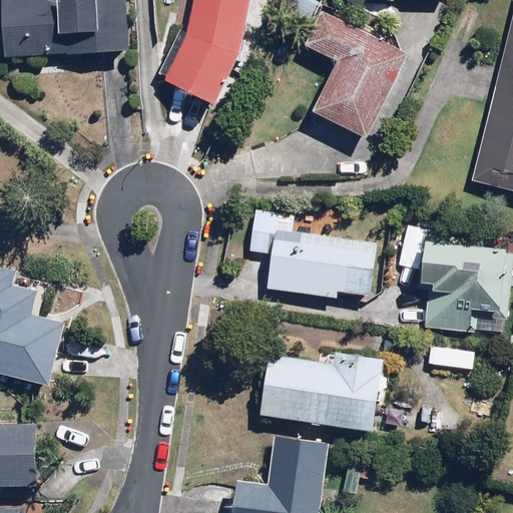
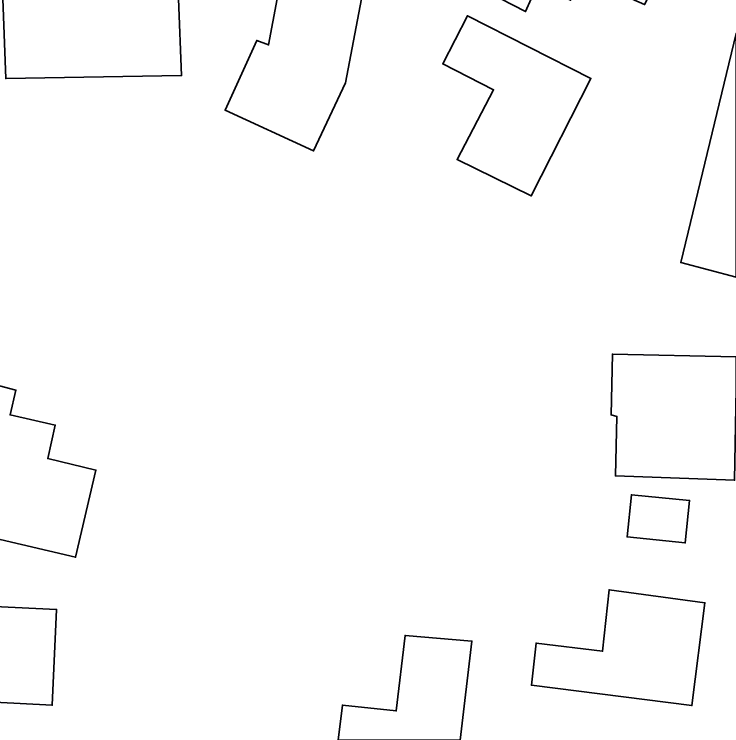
building: [247,206,377,299] -> none
building: [261,351,383,431] -> none
building: none -> [531,590,705,706]

